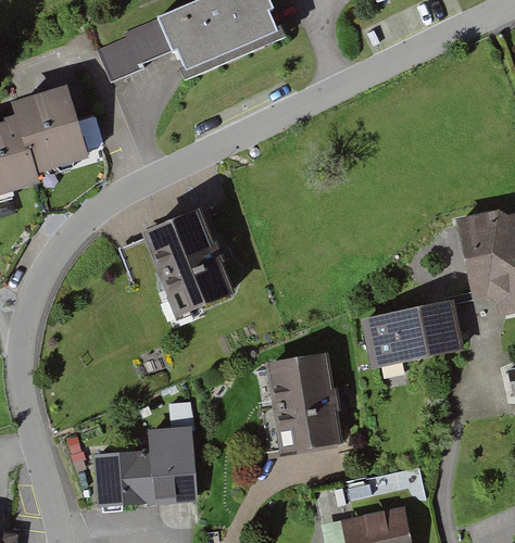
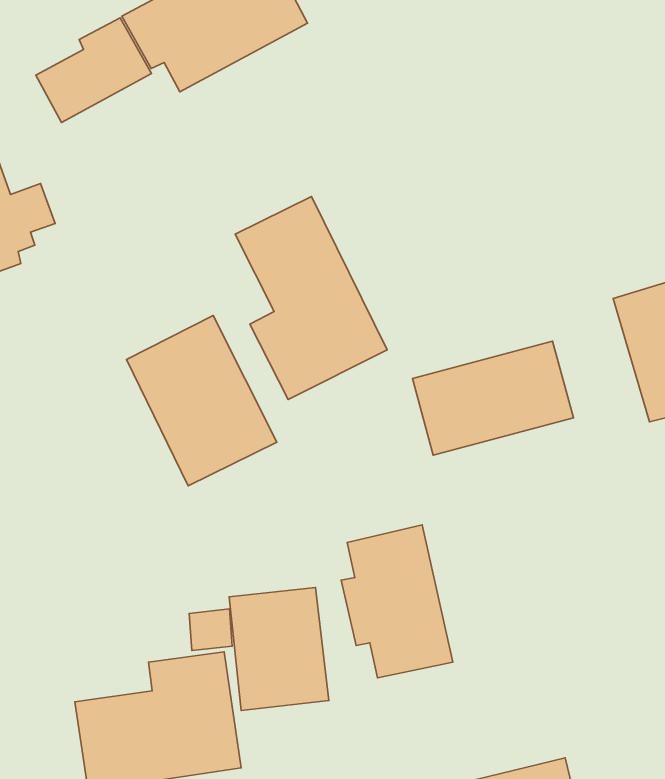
building: none -> [235,196,387,400]
building: [363,302,464,369] -> [412,341,573,455]
building: none -> [229,587,329,710]

